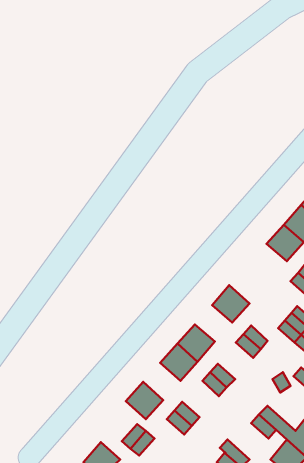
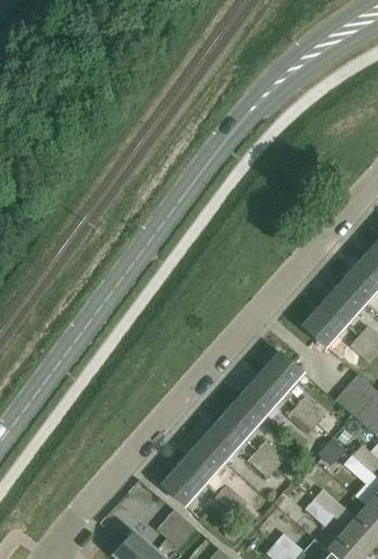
building: none -> [303,303,346,346]
building: none -> [241,373,284,415]
building: none -> [181,439,224,482]

